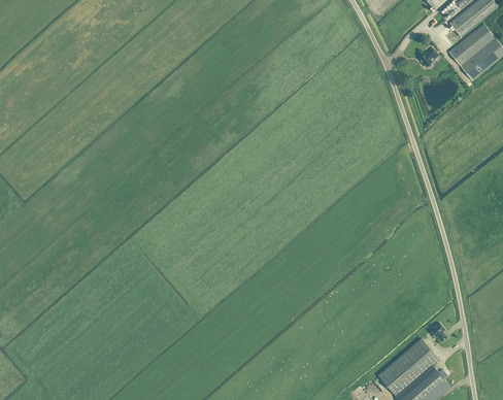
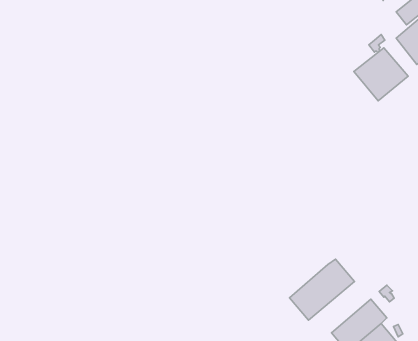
building: none -> [354,48,408,101]
building: none -> [289,259,354,320]

